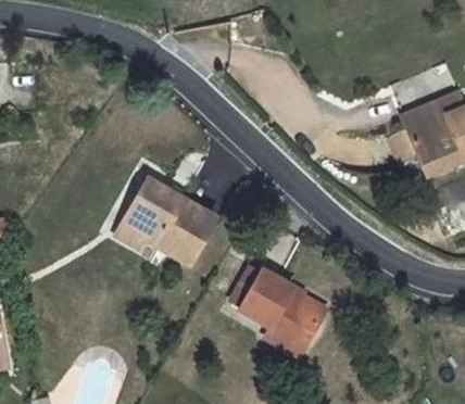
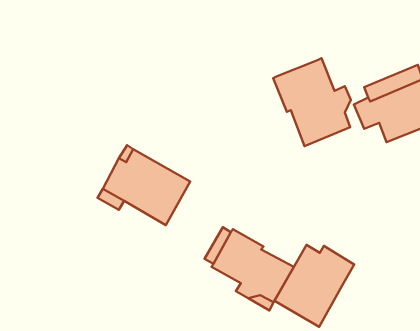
building: none -> [273,58,351,146]
building: none -> [274,245,354,327]

